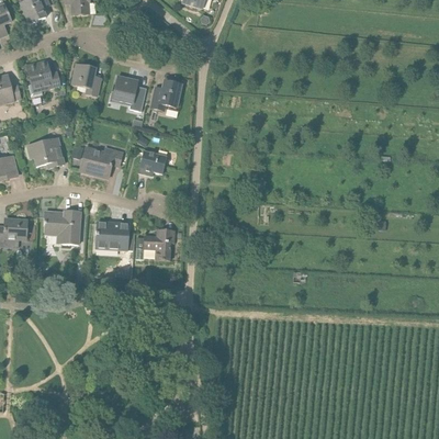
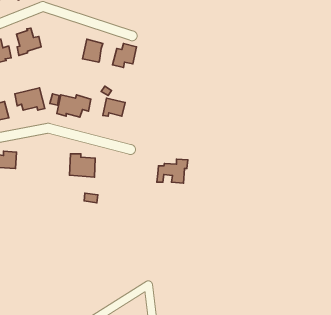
building: [71,64,102,97] -> none
building: [44,211,80,245] -> none
building: [135,229,175,260] -> [157,159,188,183]

